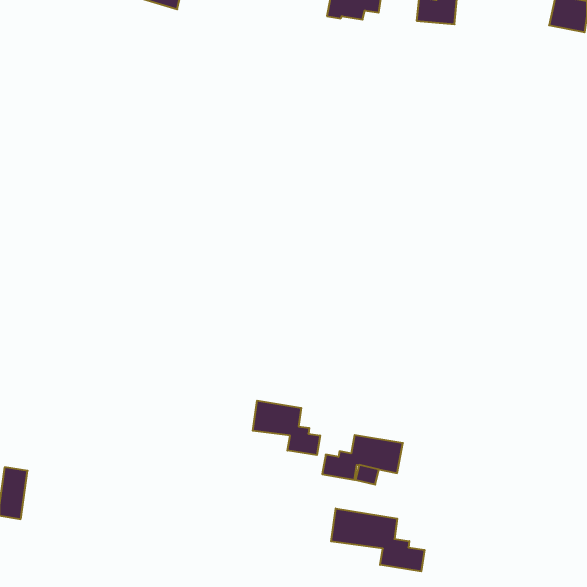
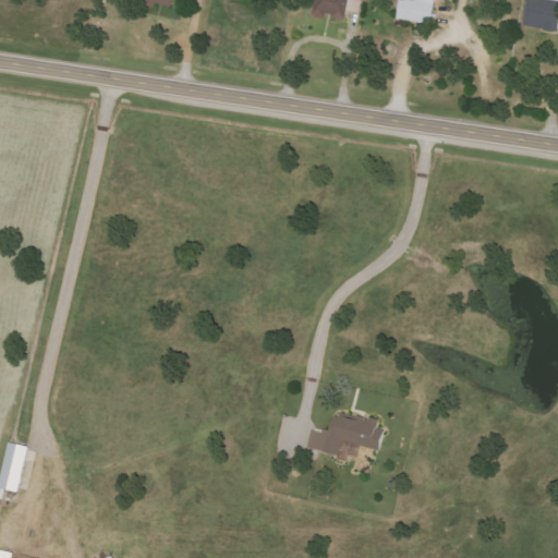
building: [253,401,320,455] -> none
building: [331,508,425,571] -> none

